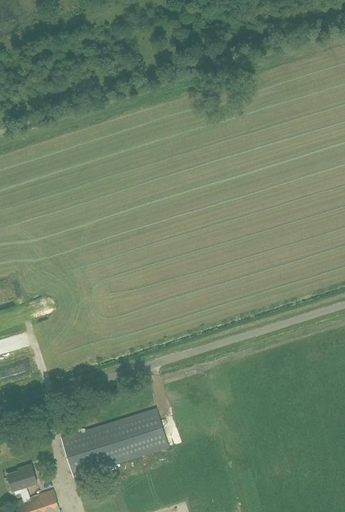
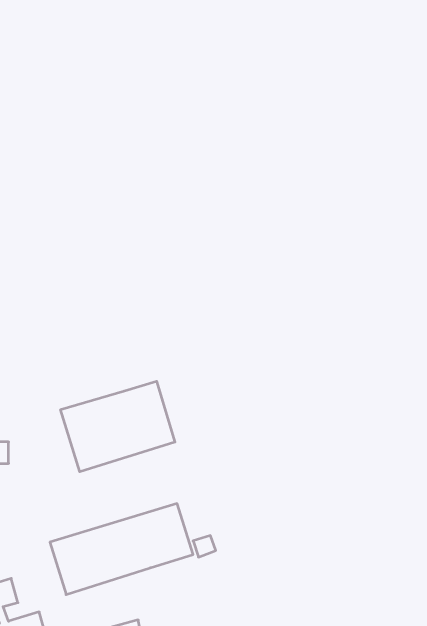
building: none -> [61,381,175,472]

